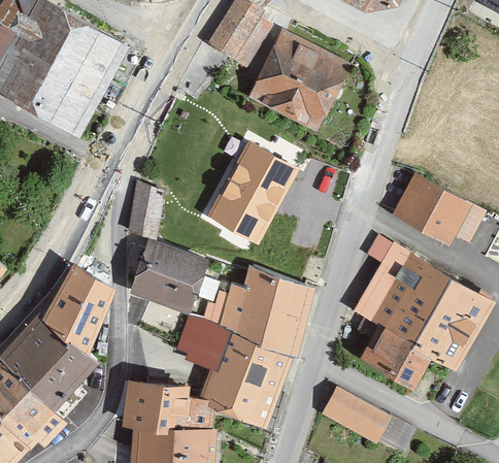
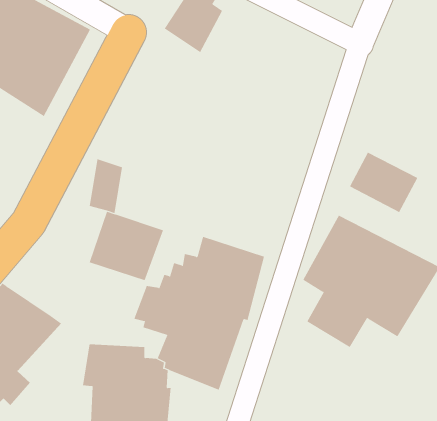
building: [247,30,346,131] -> none
building: [203,138,298,243] -> none
building: [40,262,114,349] -> none
building: [320,387,414,454] -> none

